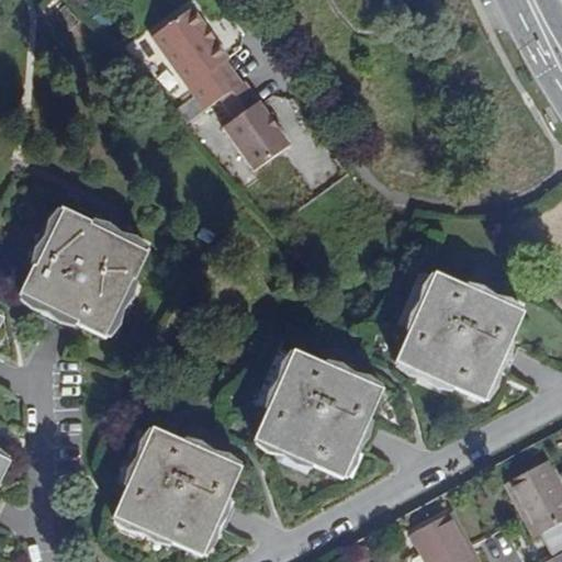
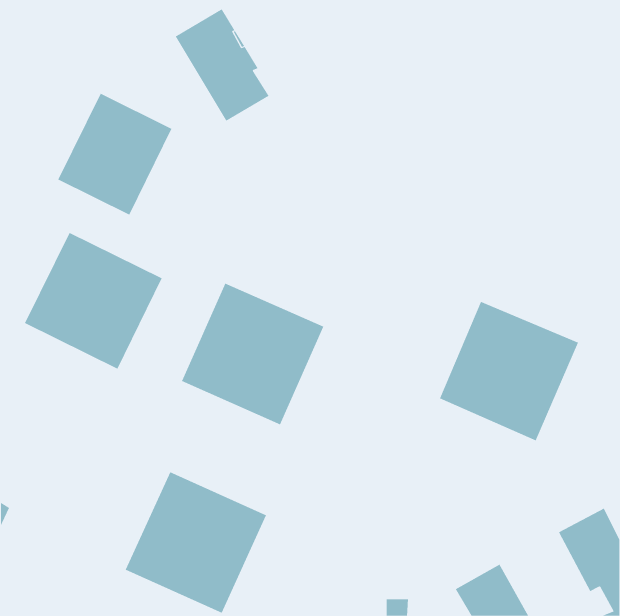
building: none -> [57,93,172,215]
building: [221,85,288,176] -> none
building: [254,349,383,477] -> [181,283,324,425]

